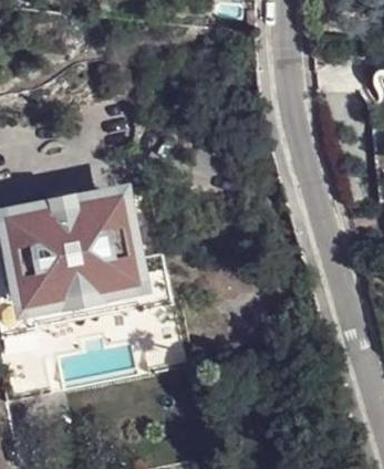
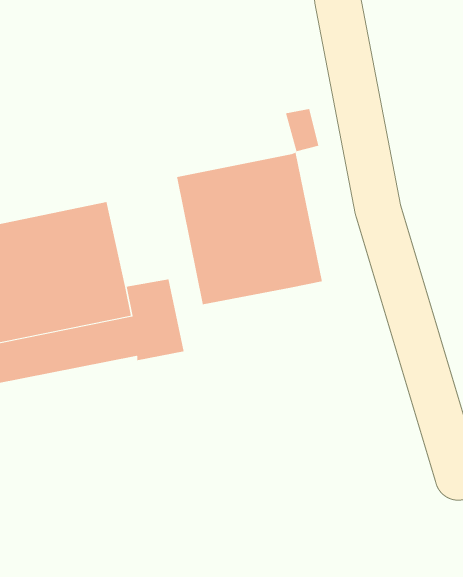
building: none -> [176,152,322,305]

